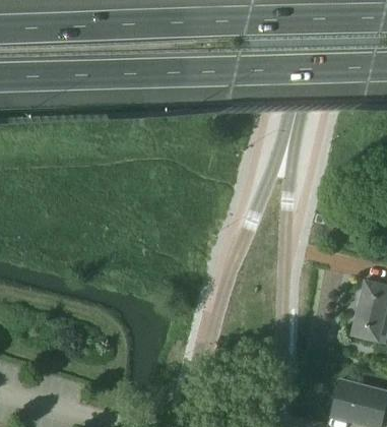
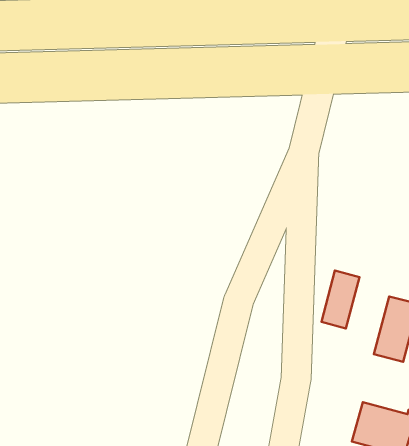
building: none -> [321,270,360,328]

